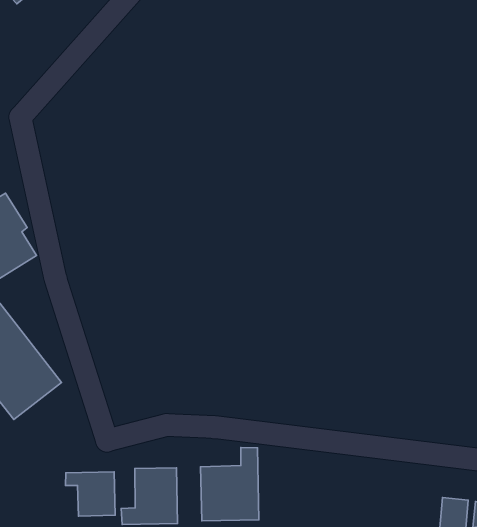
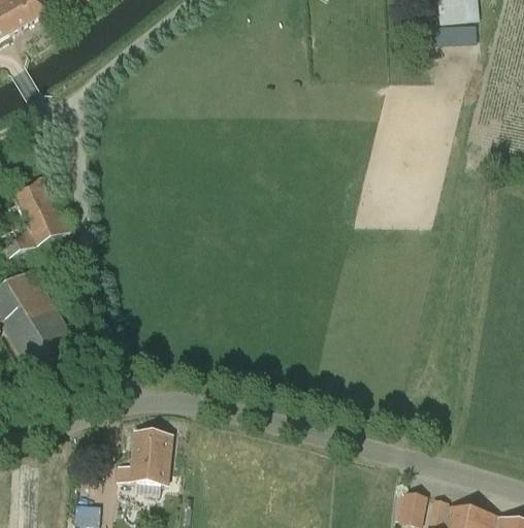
building: [200,448,259,521] -> none
building: [65,472,115,516] -> none

